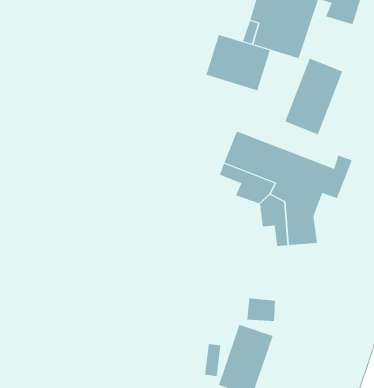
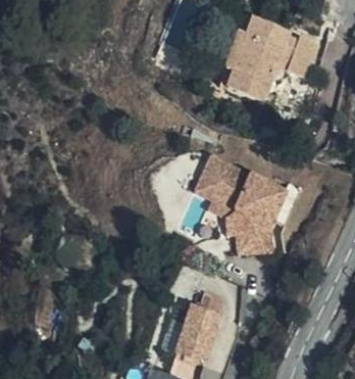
building: [206,34,270,91] -> none
building: [285,58,343,135] -> none

